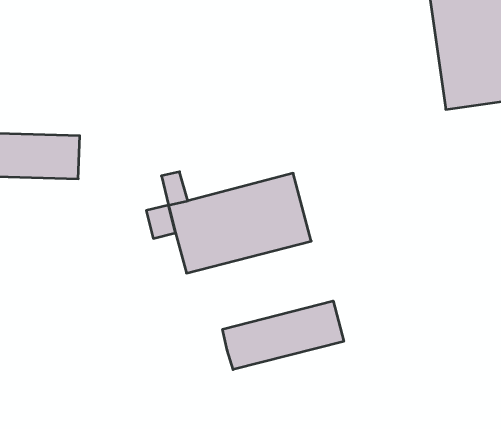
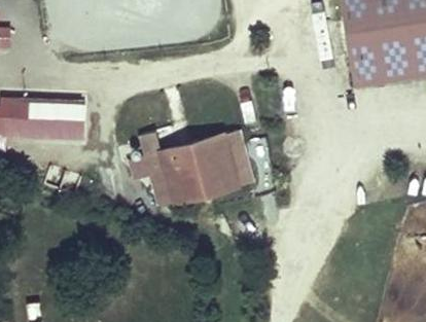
building: [223,301,344,370] -> none

